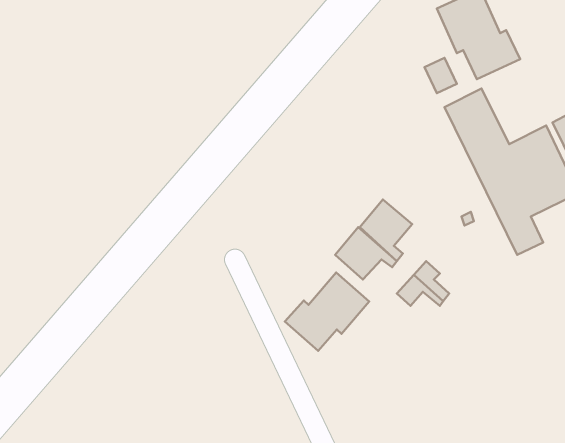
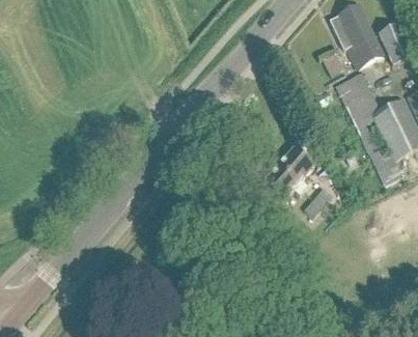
building: none -> [379,22,412,62]
building: [285,272,369,351] -> none

